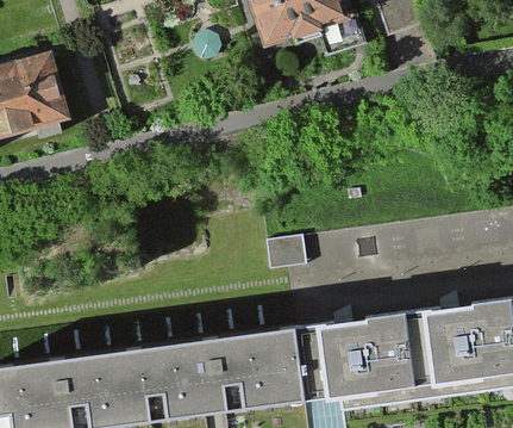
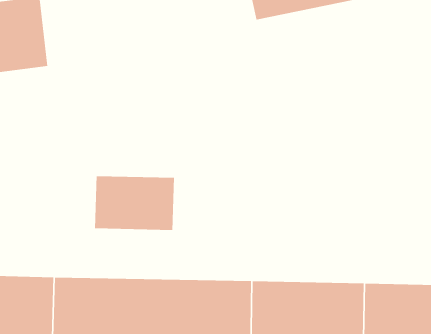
building: none -> [95,175,174,231]

